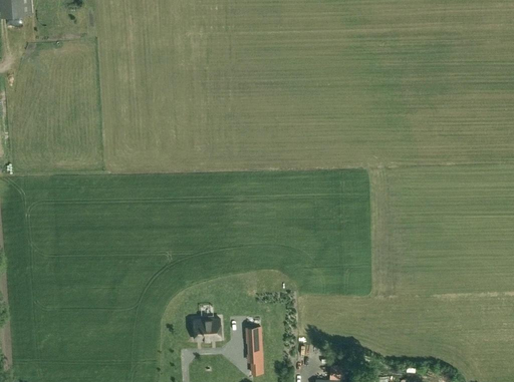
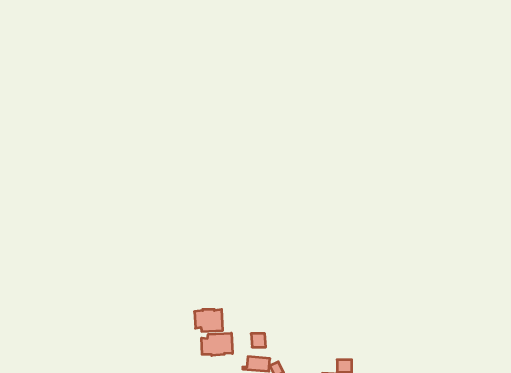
building: none -> [202,333,232,356]

